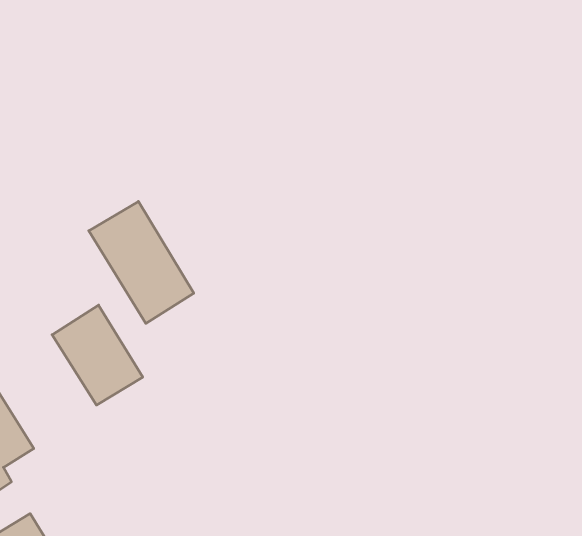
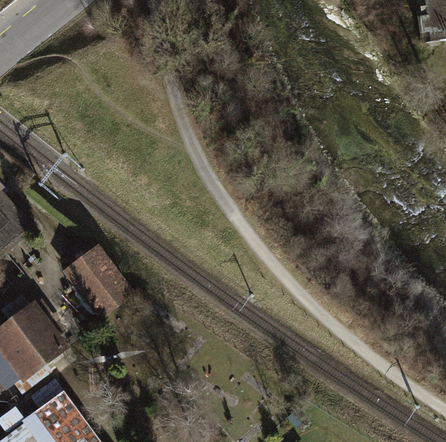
building: [89,201,194,323] -> none

